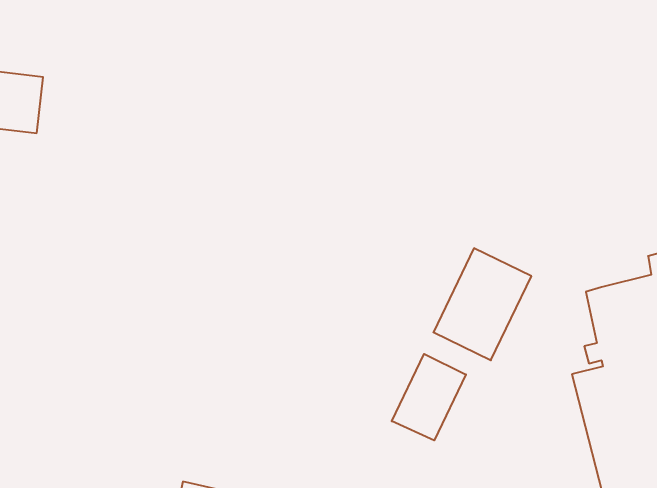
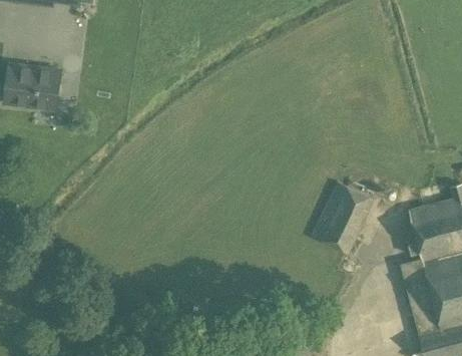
building: [392,354,466,440] -> none

